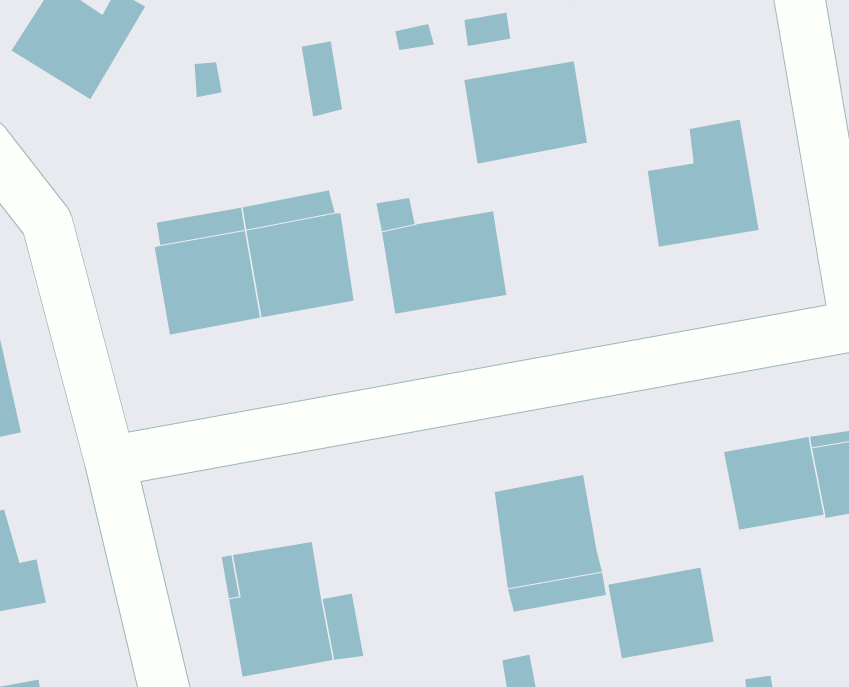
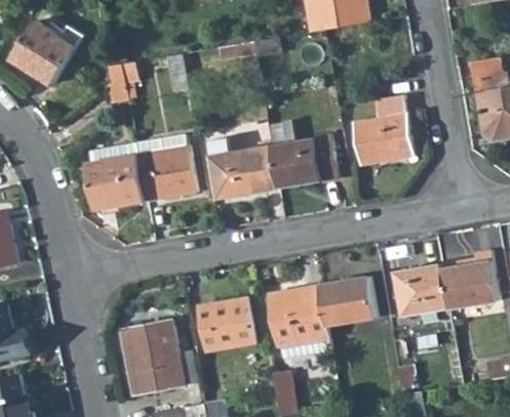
building: [464,61,588,164] -> [270,134,337,190]
building: none -> [197,297,257,351]
building: [608,567,715,659] -> [318,277,376,326]

